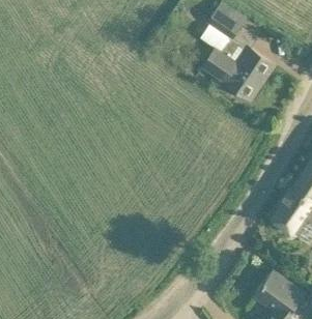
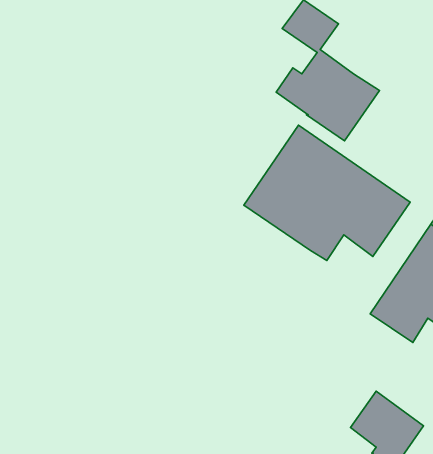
building: none -> [244,125,410,260]

